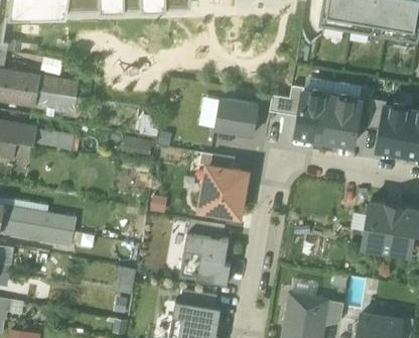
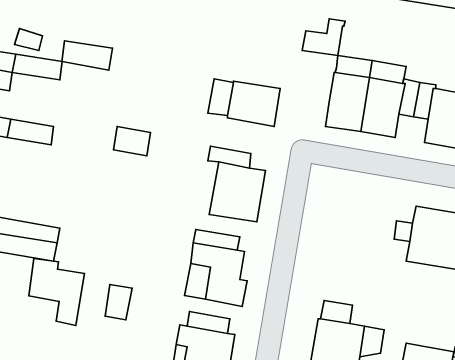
building: [269,85,304,115] -> [302,19,345,55]
building: [35,91,77,115] -> [62,41,112,70]
building: none -> [29,258,84,326]

